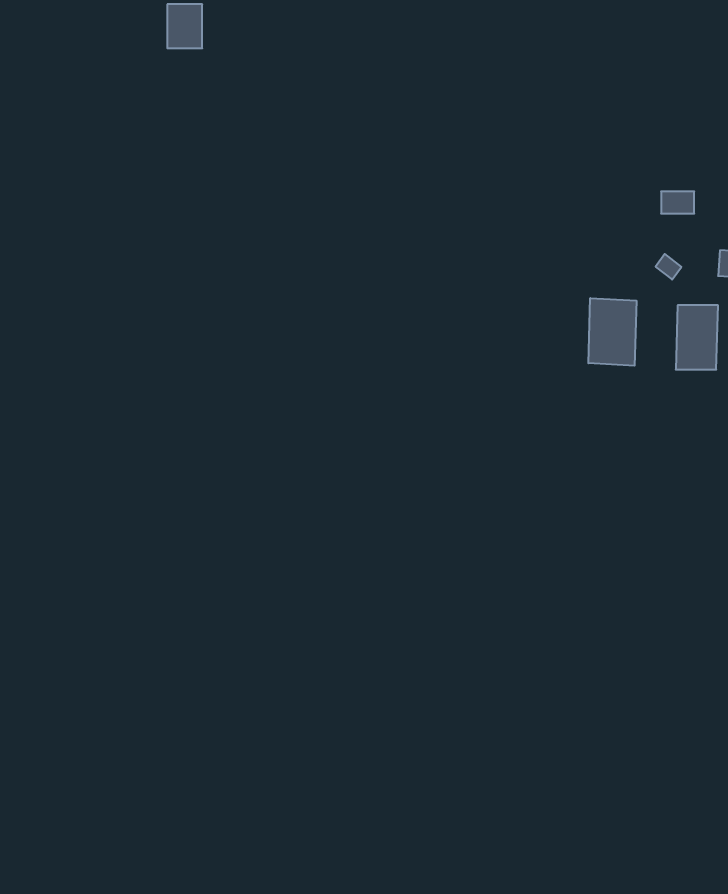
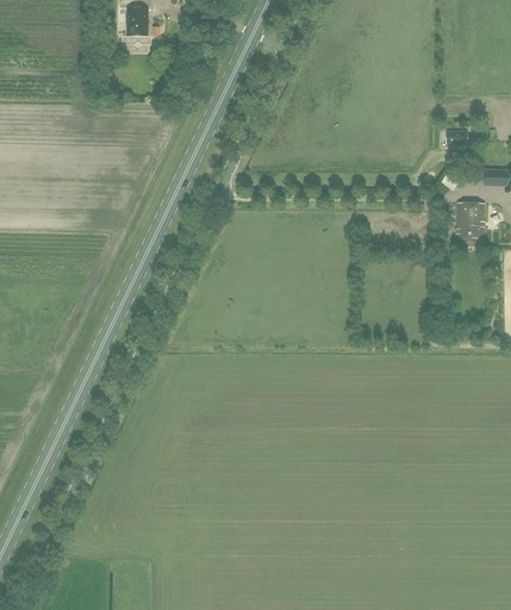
building: [588,298,636,366] -> none

